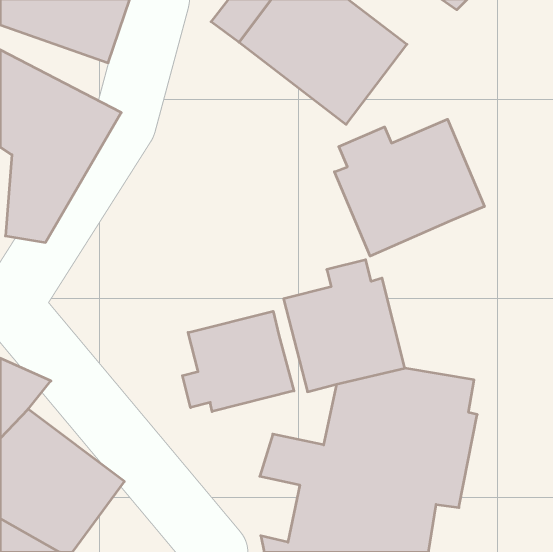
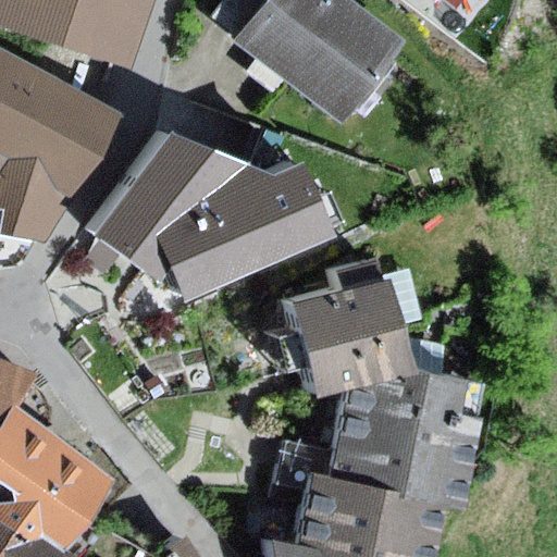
building: [334,119,484,256] -> none
building: none -> [85,131,323,300]
building: [182,311,294,412] -> none

